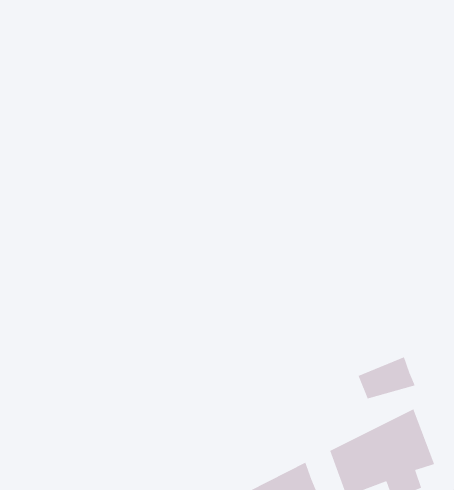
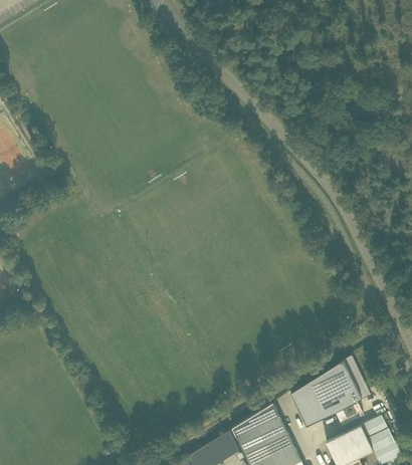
building: [357,356,416,399] -> none

